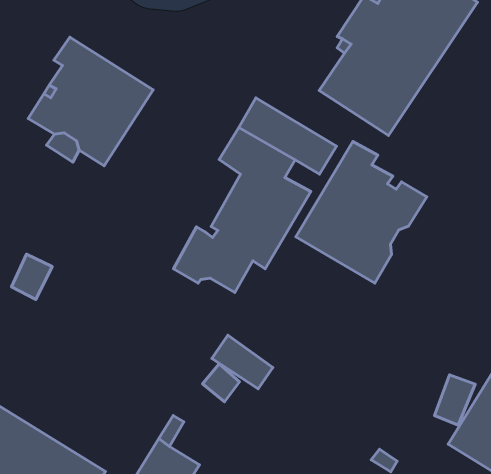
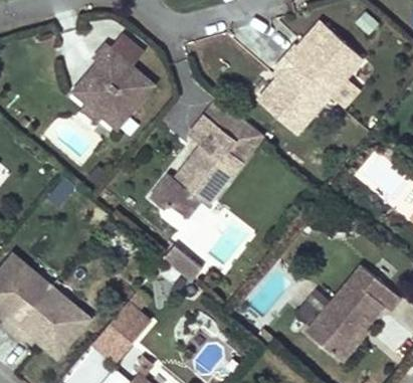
building: [296,142,427,283] -> none

